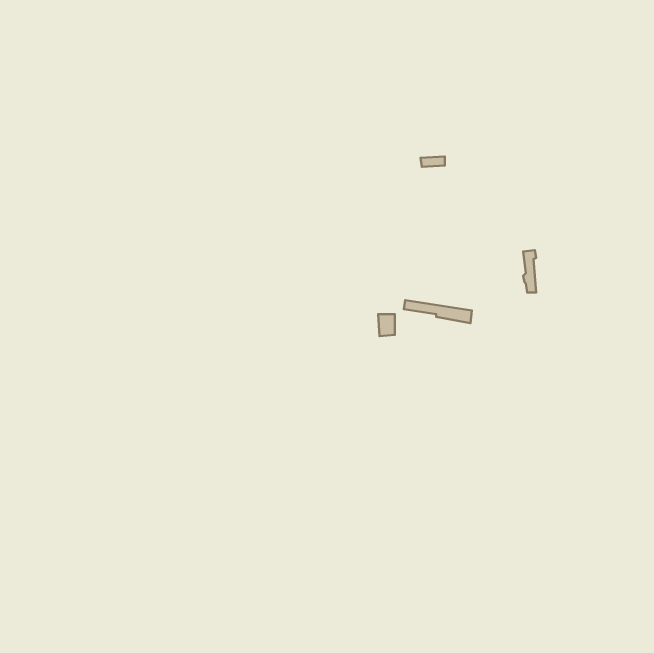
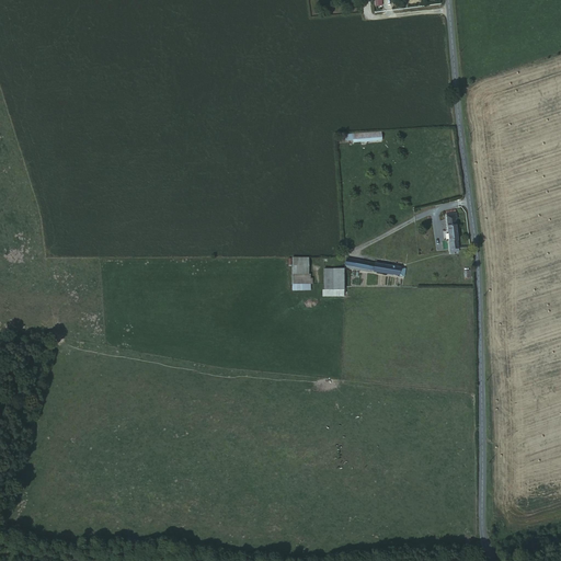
building: none -> [293,257,310,284]

